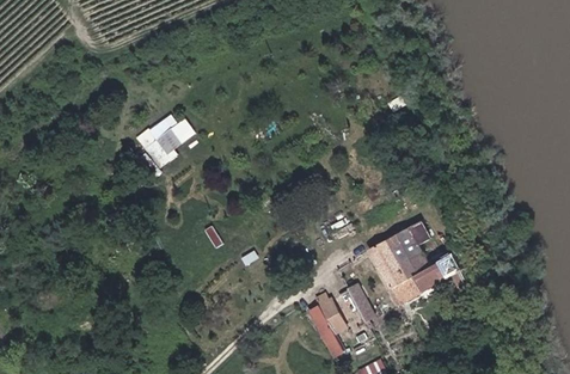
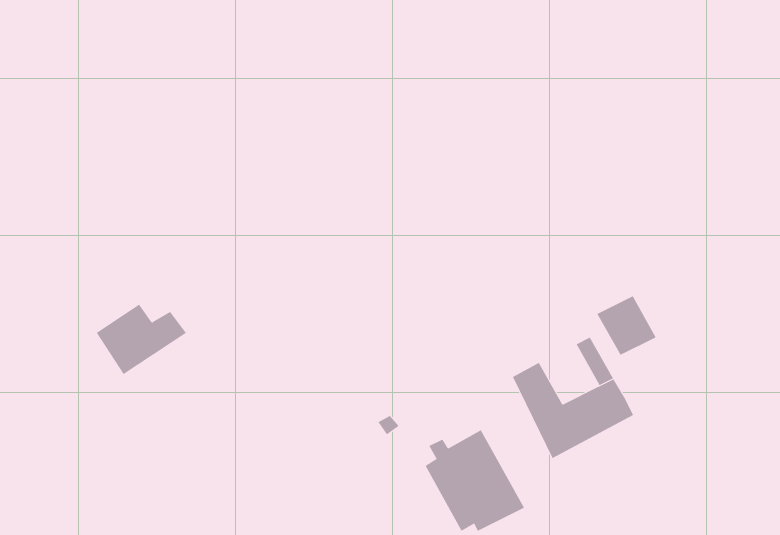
building: [134,115,194,161] -> [96,304,187,375]
building: [390,231,429,270] -> [597,296,657,356]

